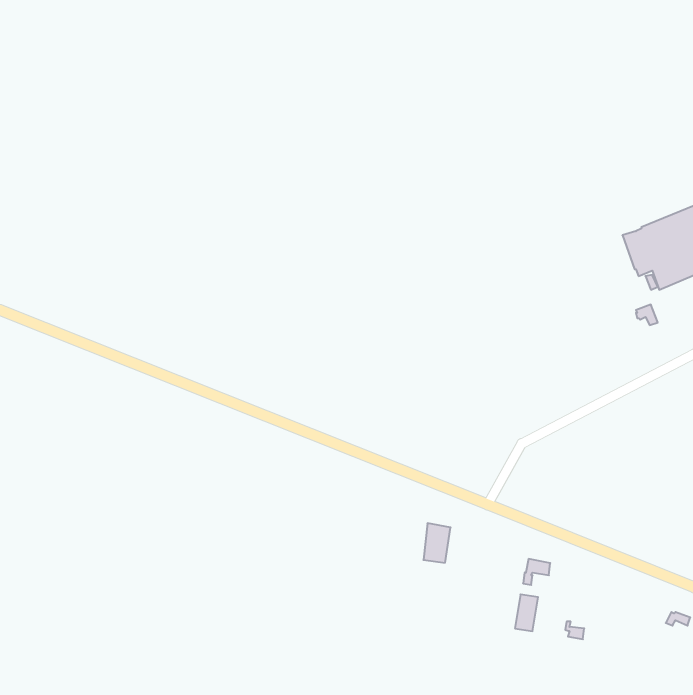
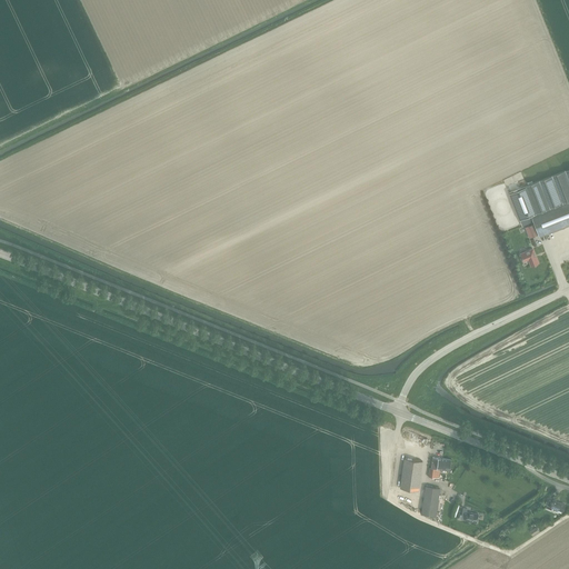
building: [423,523,451,563] -> [401,458,423,490]

